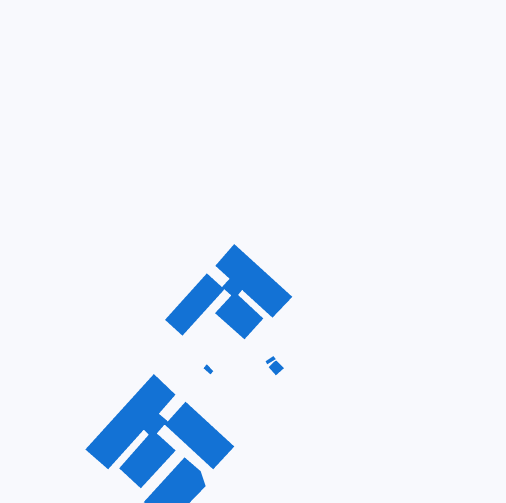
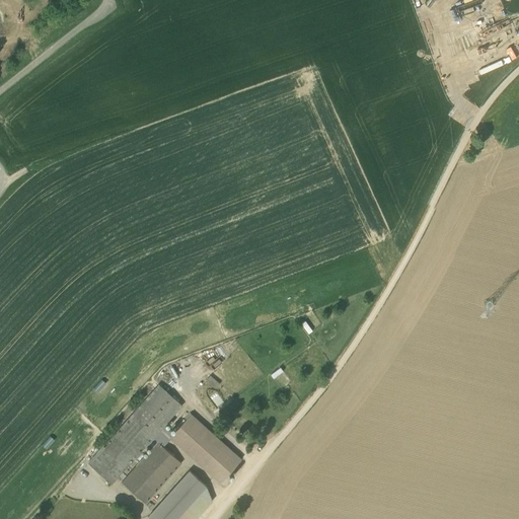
building: [164,243,293,340] -> none

